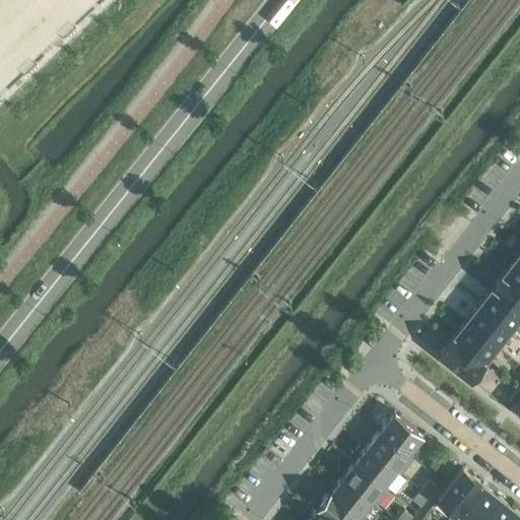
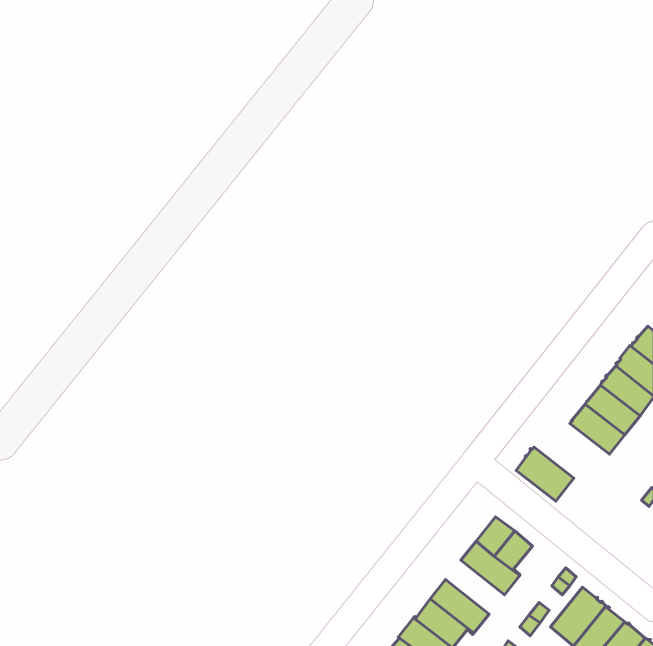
building: [439,342,484,385] -> [516,447,574,501]
building: [354,451,401,494] -> none

